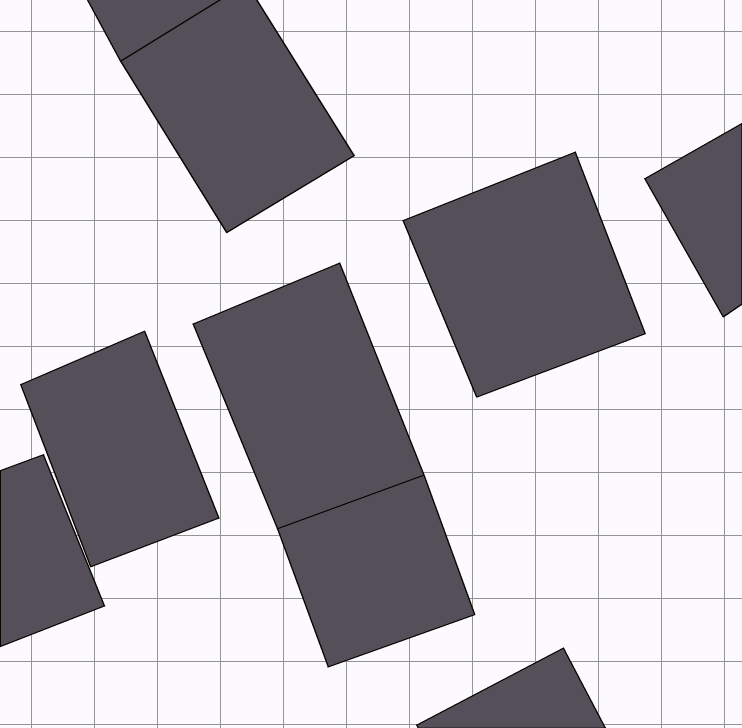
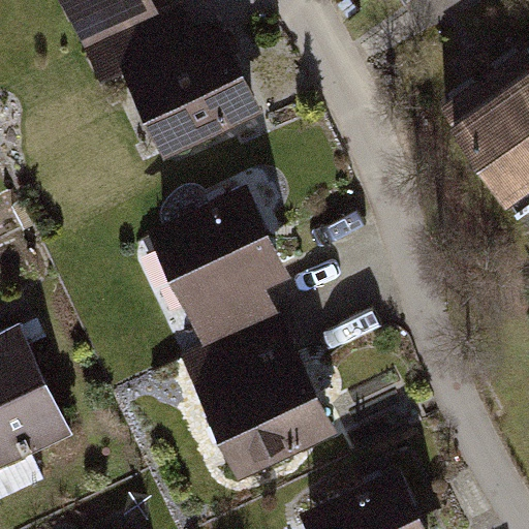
building: [403,152,645,397] -> none
building: [21,331,219,567] -> none

